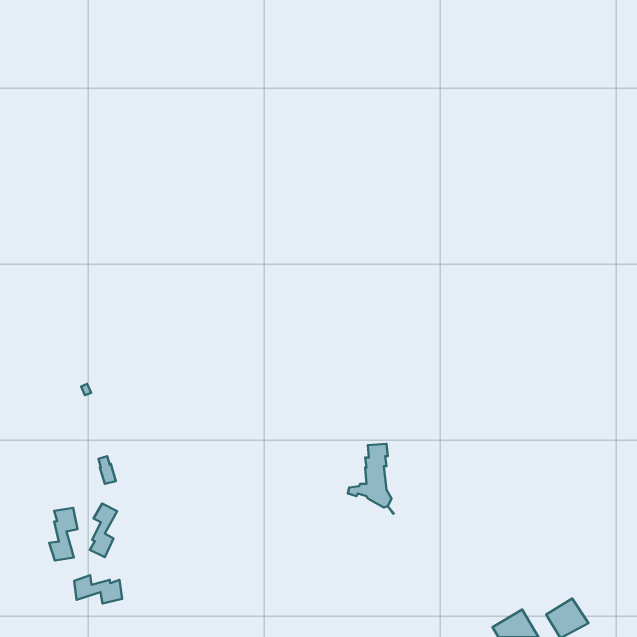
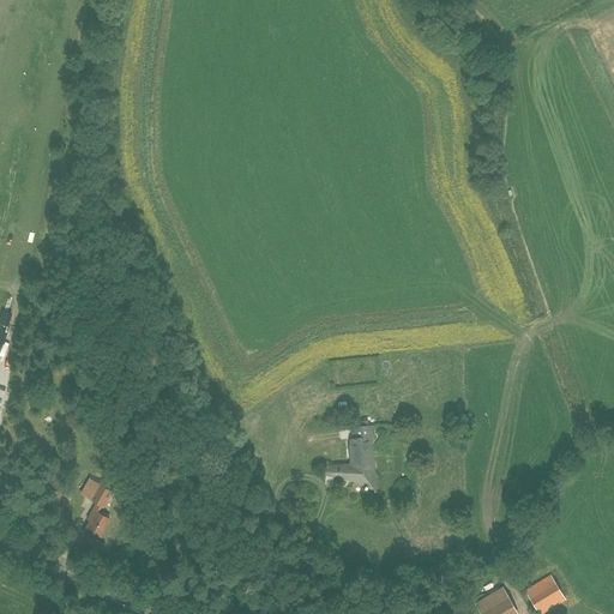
building: [49,508,78,560] -> none
building: [74,575,122,604] -> none

